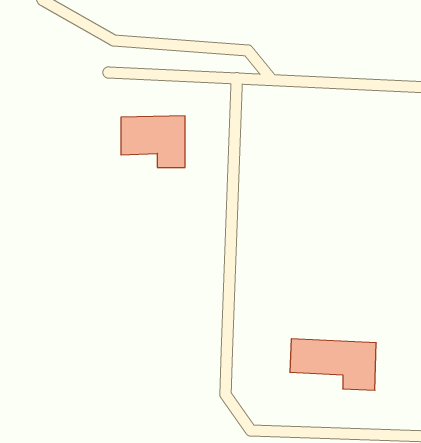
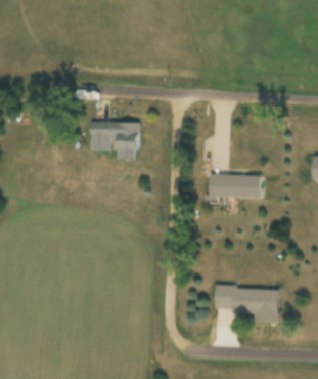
building: none -> [209,174,261,197]

